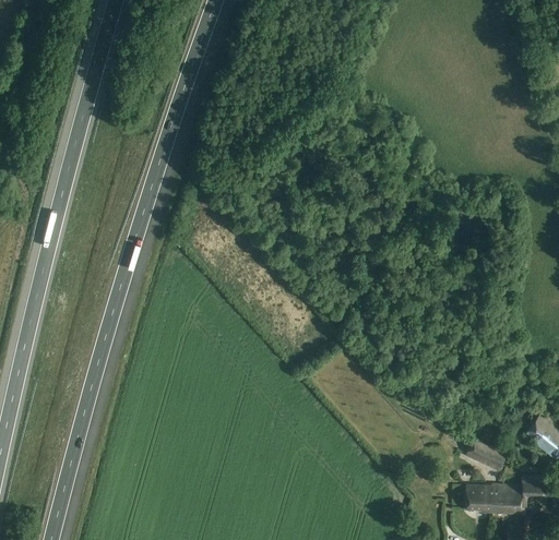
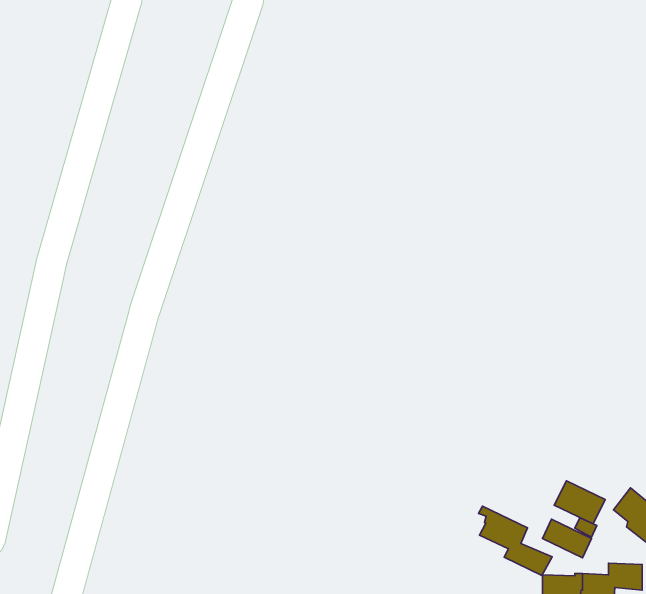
building: none -> [554,481,605,524]
building: none -> [478,506,552,575]

